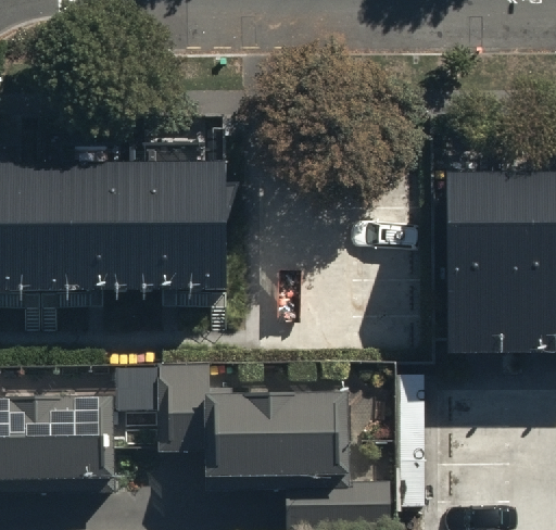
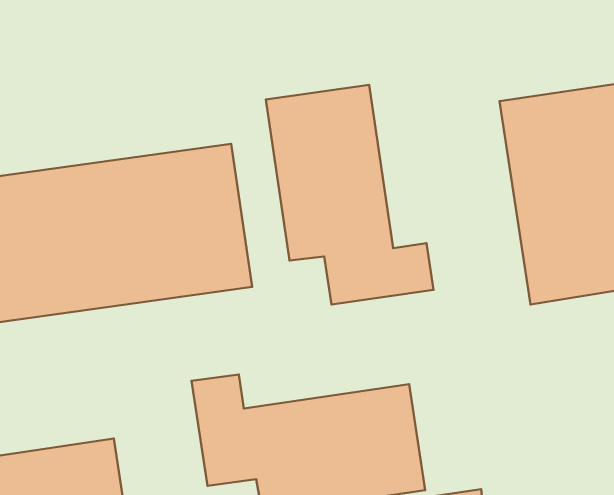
building: none -> [266,85,434,304]

